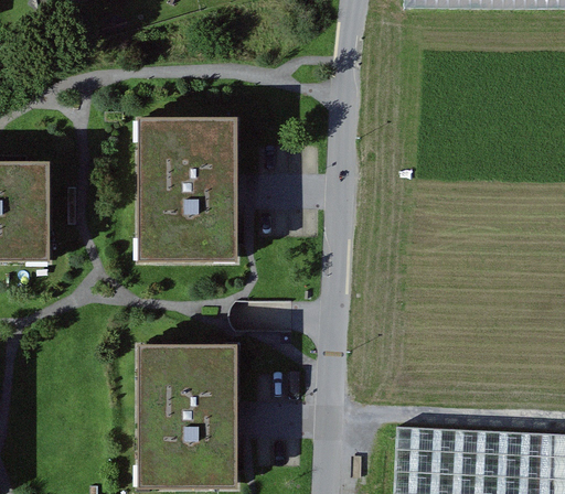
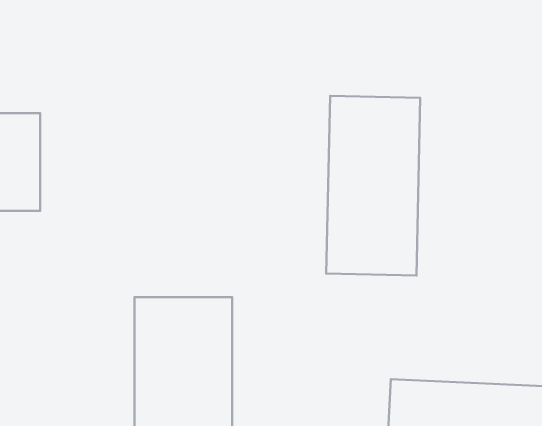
building: [137,119,238,267] -> none
building: none -> [326,96,420,276]

